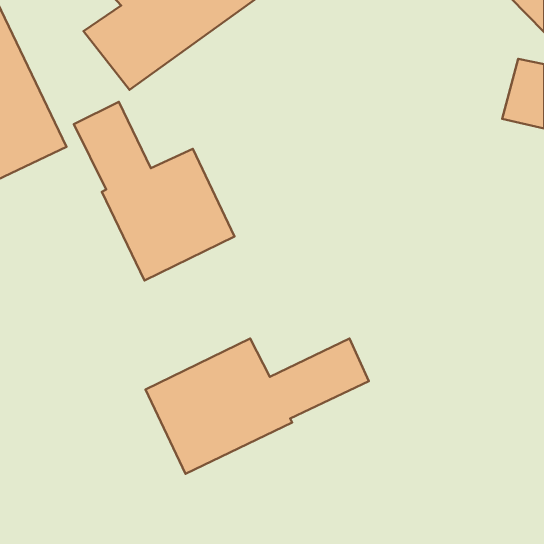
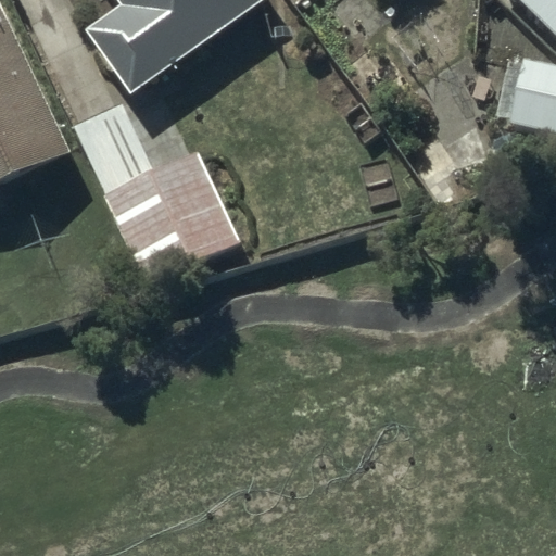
building: [146,339,369,474] -> none

